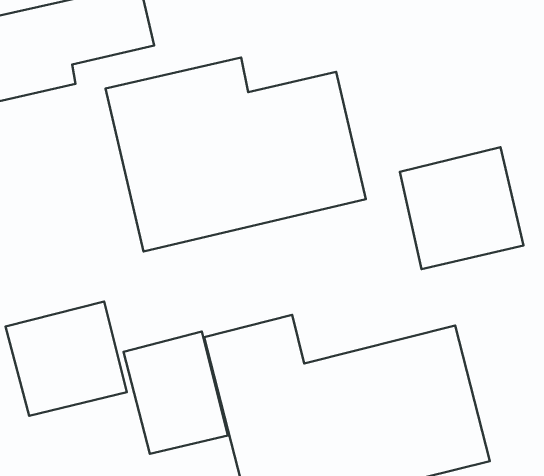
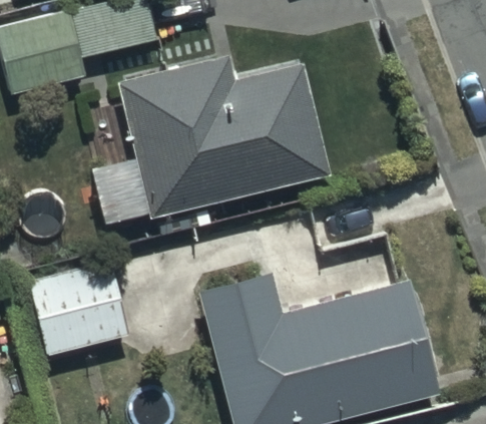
building: [400,147,524,269] -> none
building: [123,332,228,454] -> none

